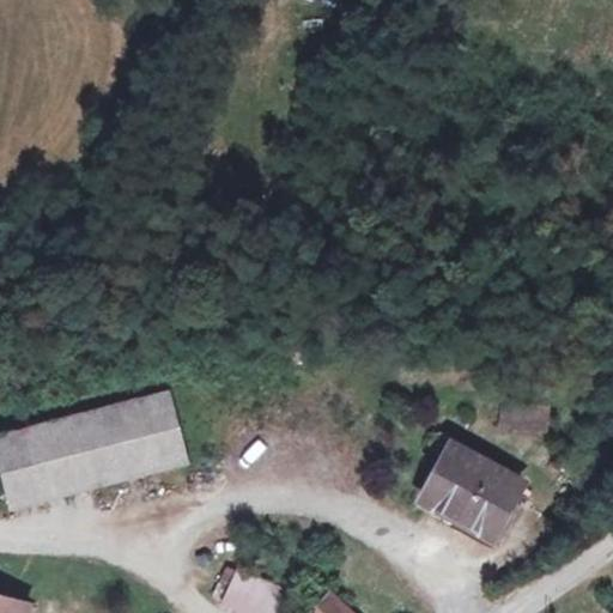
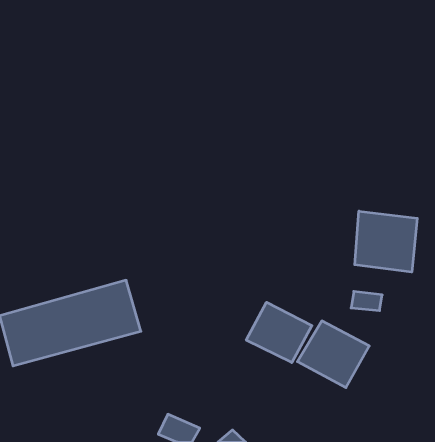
building: none -> [355,211,417,272]
building: none -> [246,302,312,363]

